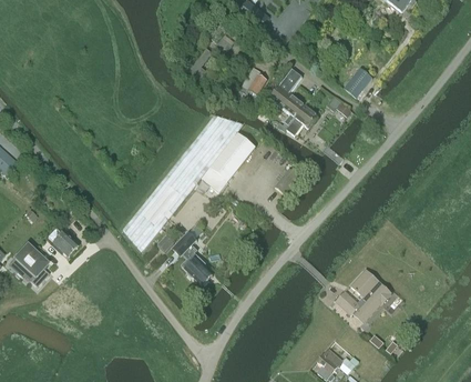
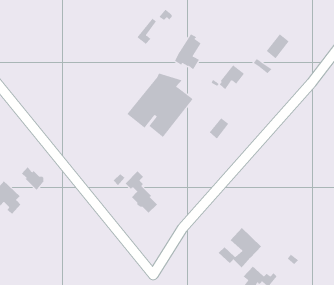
building: [269,68,304,123] -> none
building: [123,163,197,250] -> none
building: [336,269,389,319] -> [218,227,262,268]

